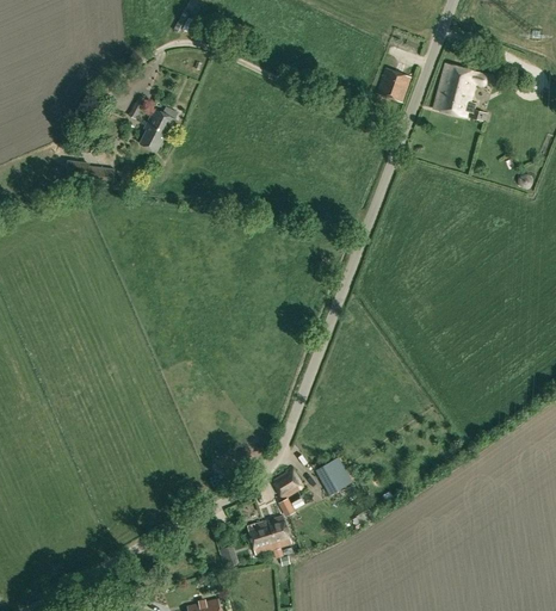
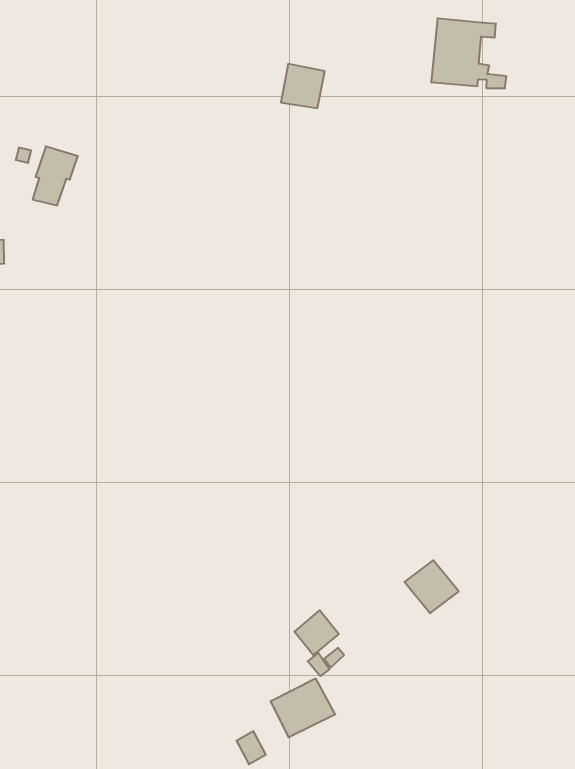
building: [376,68,410,103] -> [281,64,325,108]
building: [315,457,352,494] -> [405,560,459,613]

